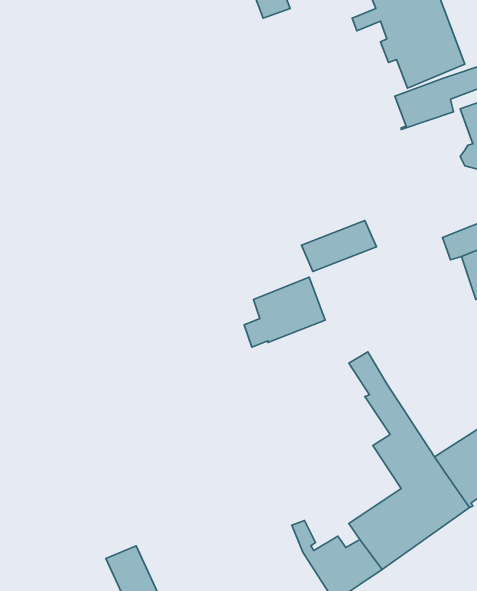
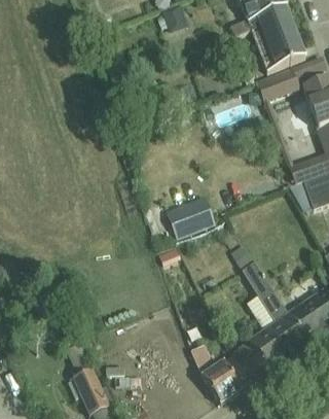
building: [301,220,376,272] -> none

